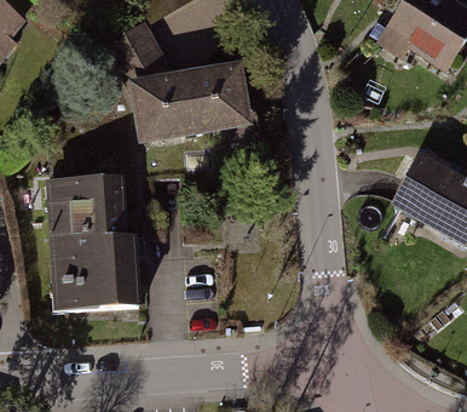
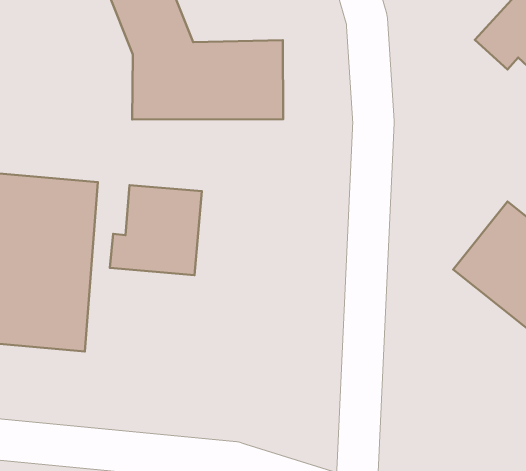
building: none -> [110,185,202,275]

